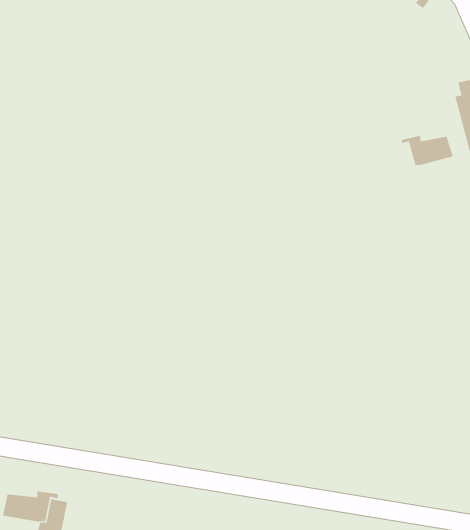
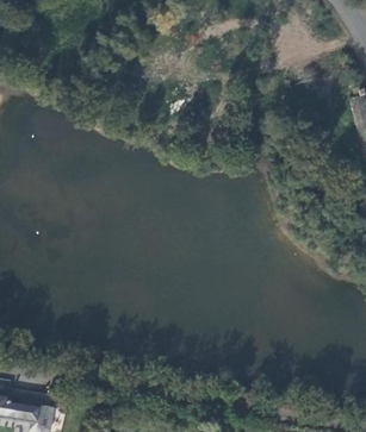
building: [401,135,453,166] -> none

